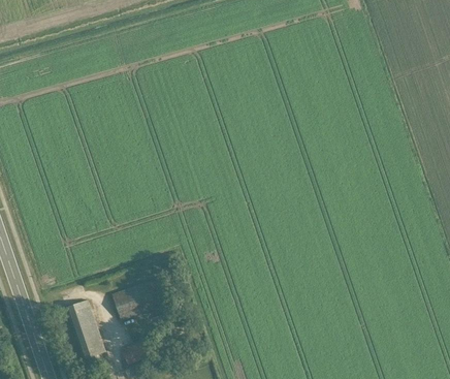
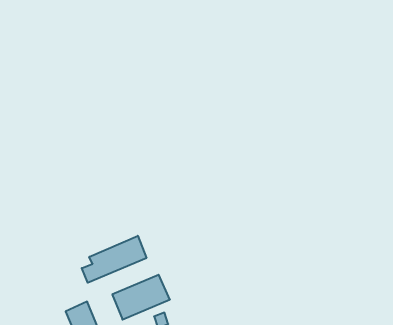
building: none -> [82,236,146,283]

